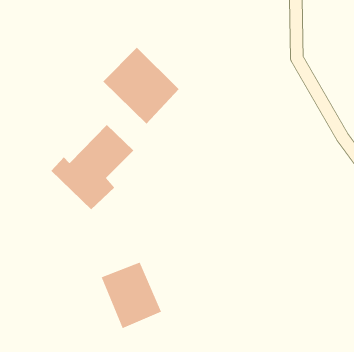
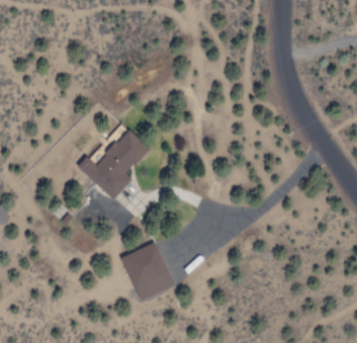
building: [103,47,180,124] -> none

